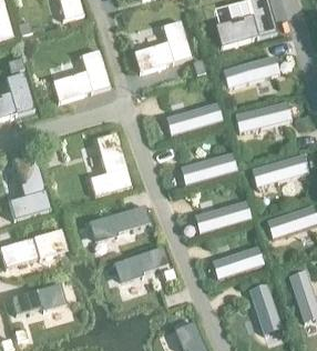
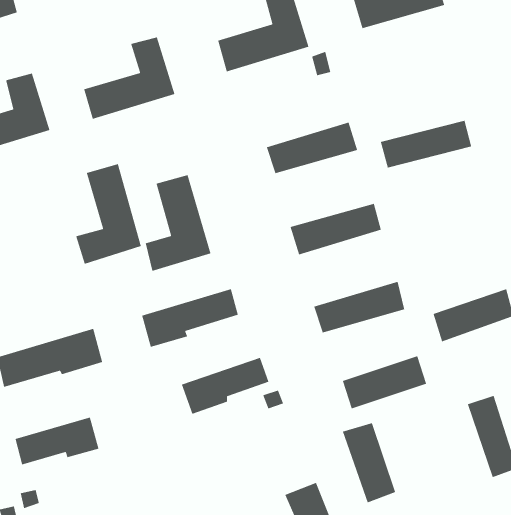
building: [222,56,277,88] -> none
building: [250,153,307,185] -> none
building: [8,157,49,219] -> [75,163,142,265]
building: [247,283,280,333] -> [342,422,396,503]

